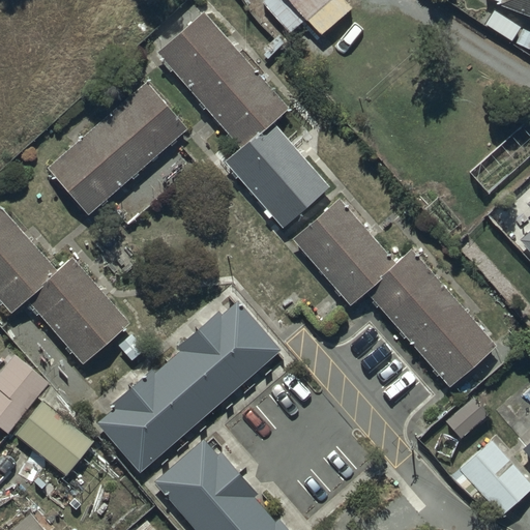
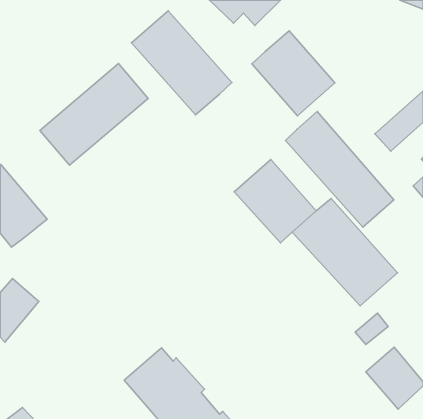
building: [228,122,331,229] -> [252,31,335,116]
building: none -> [285,112,394,227]
building: [31,263,131,365] -> none
building: [98,299,281,470] -> none
building: [12,399,93,495] -> none

